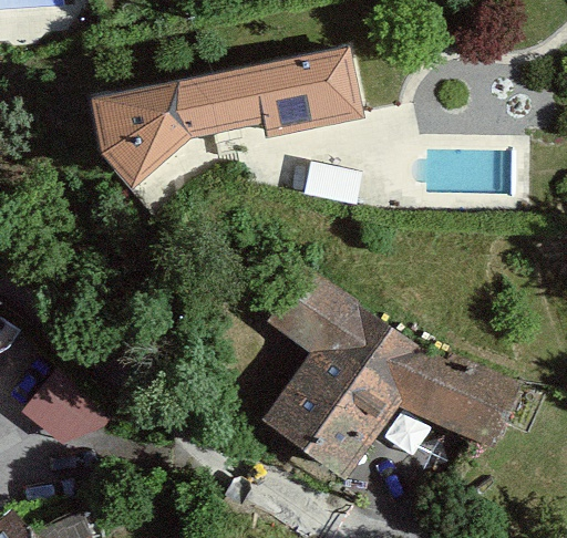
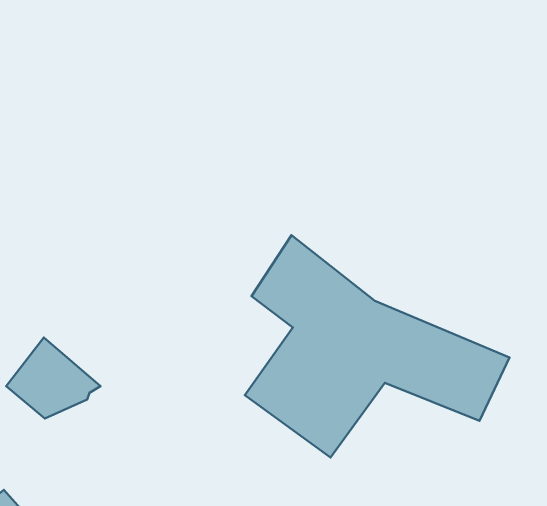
building: [90,46,363,189] -> none

